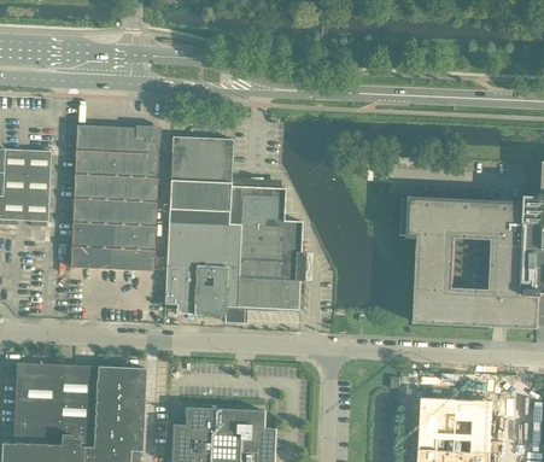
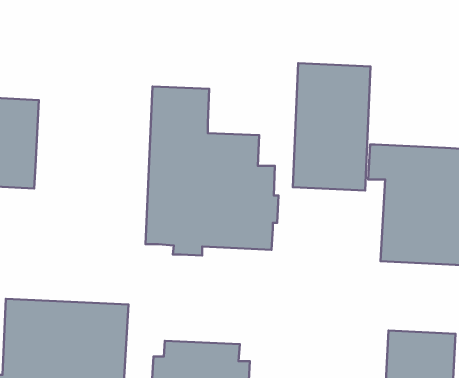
building: none -> [293,63,370,190]
building: [70,124,160,271] -> none

